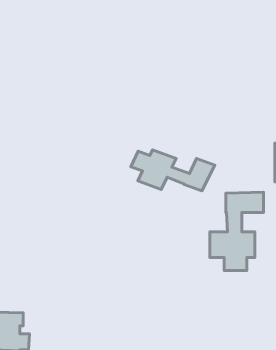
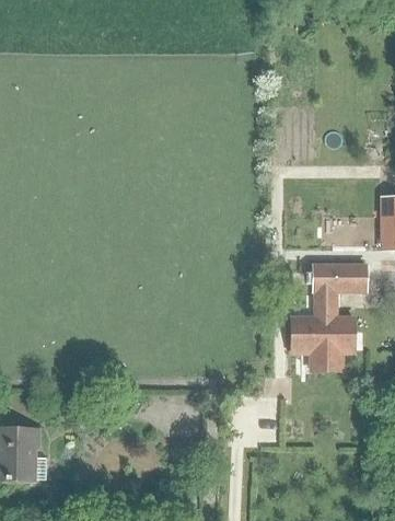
building: [131,150,215,191] -> none

